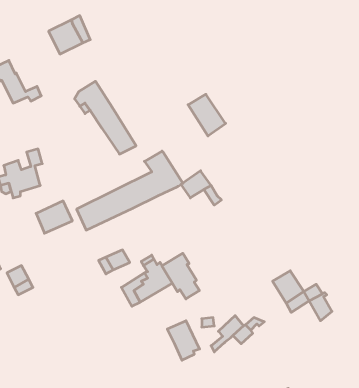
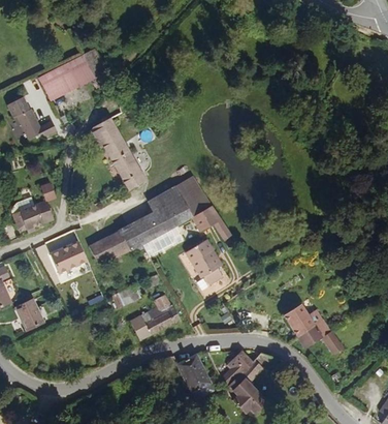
building: none -> [38,68,72,102]
building: [188,94,226,136] -> [174,178,212,219]
building: [162,253,199,299] -> [186,242,223,287]
building: none -> [225,372,268,414]

